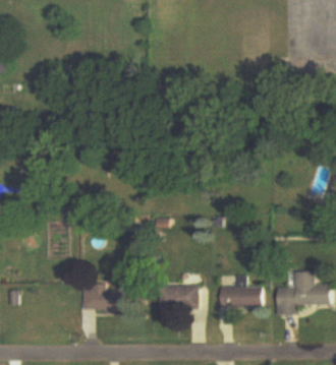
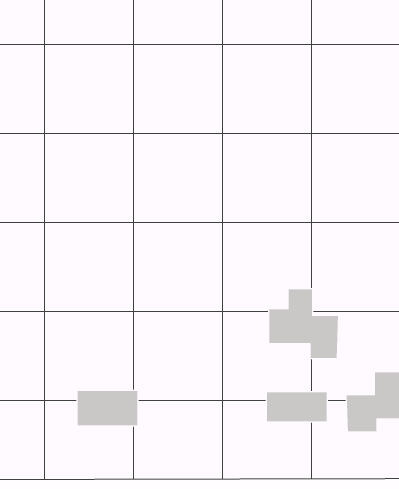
building: none -> [269,288,338,359]
building: [156,284,194,308] -> none

